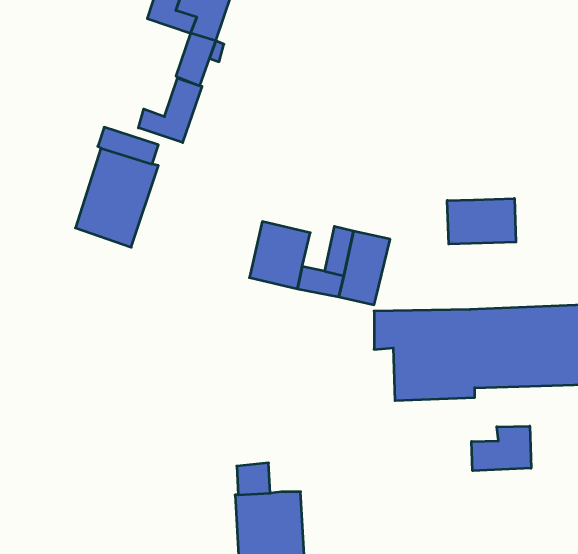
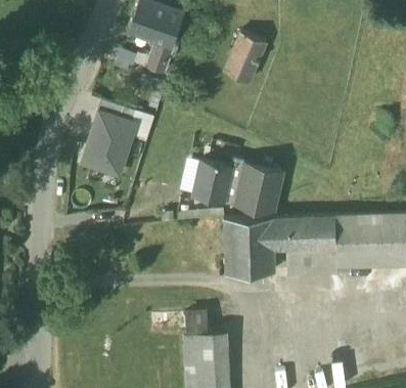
building: none -> [223,31,265,81]
building: [138,78,202,143] -> none
building: [447,198,516,244] -> none
building: none -> [223,217,274,275]
building: [472,426,531,471] -> none

